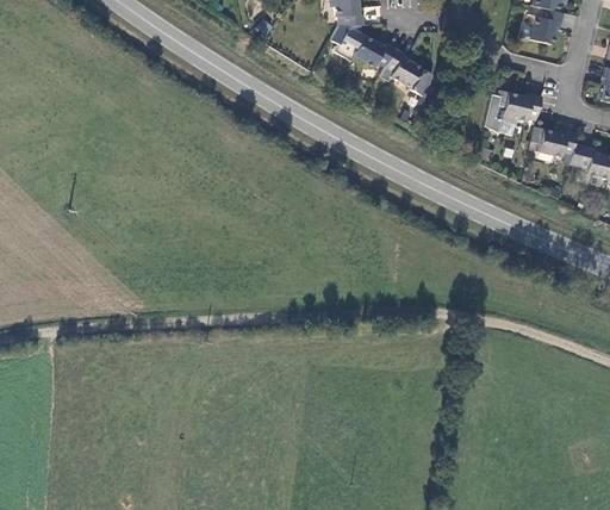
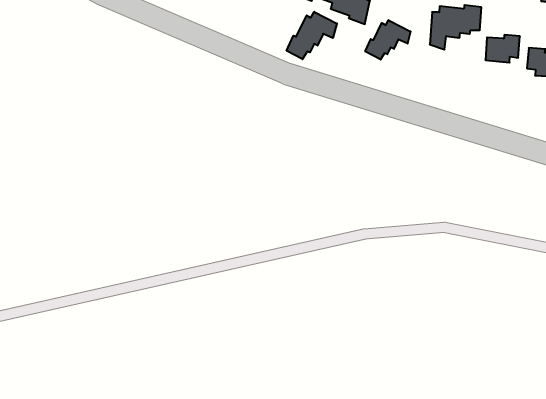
building: none -> [287,12,337,59]
building: none -> [365,20,411,60]

